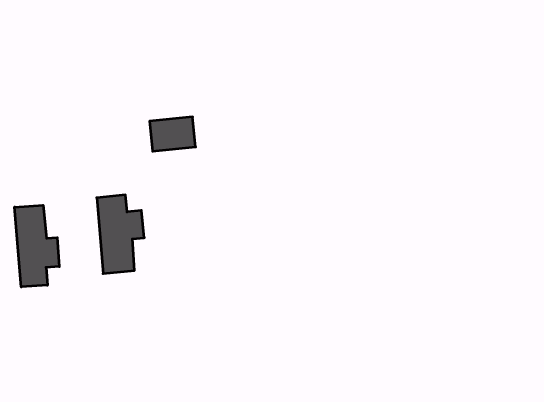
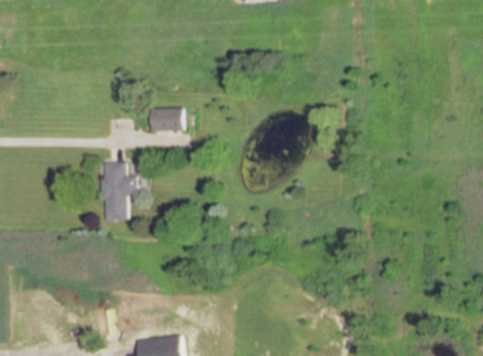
building: [15,205,59,287] -> none

